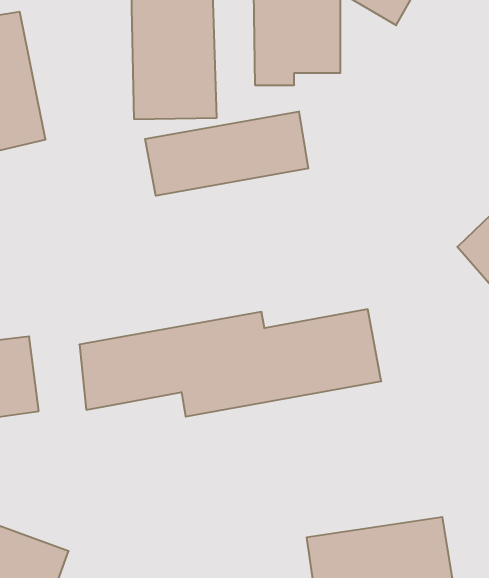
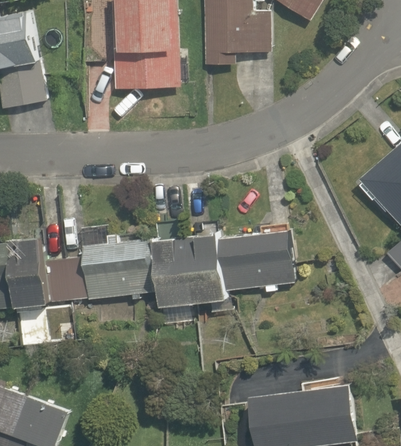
building: [145,111,308,196] -> none

